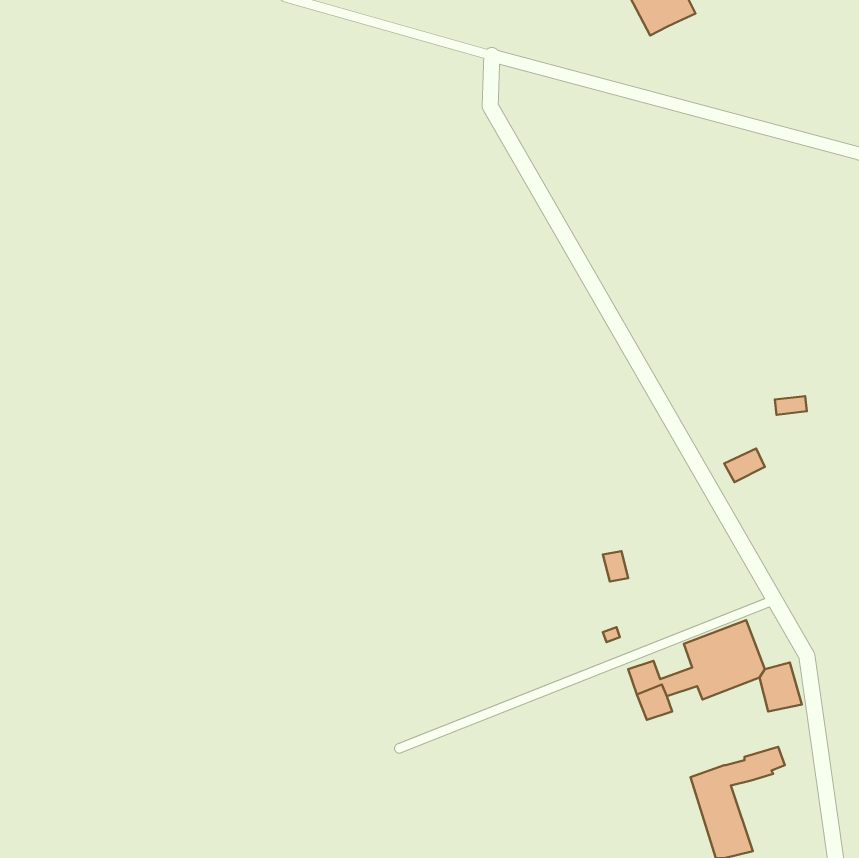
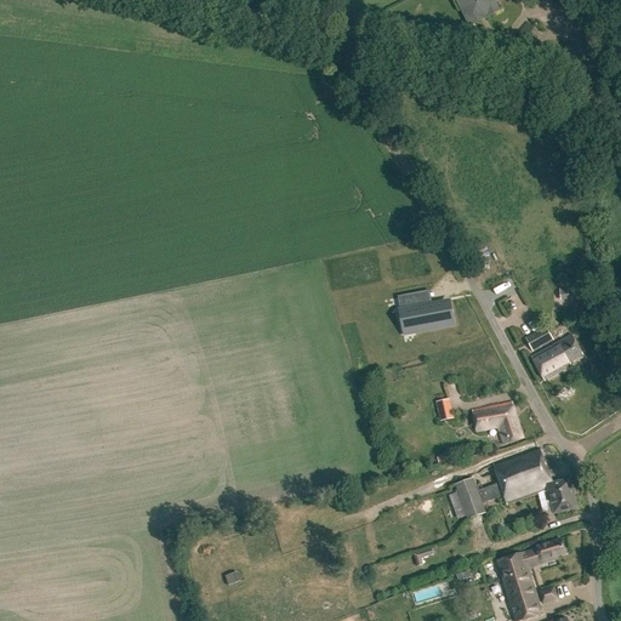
building: none -> [399,295,451,330]
building: none -> [530,332,582,378]
building: none -> [471,399,522,443]

